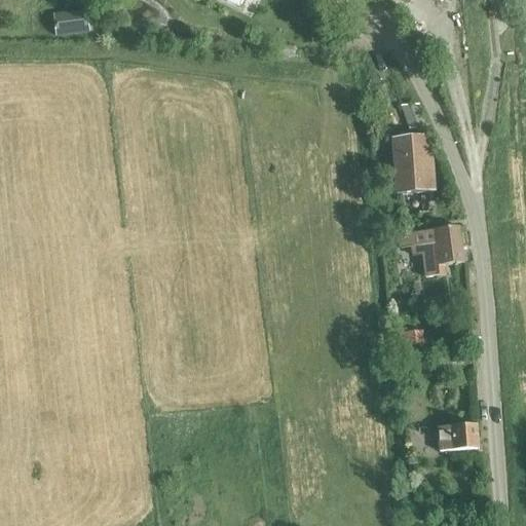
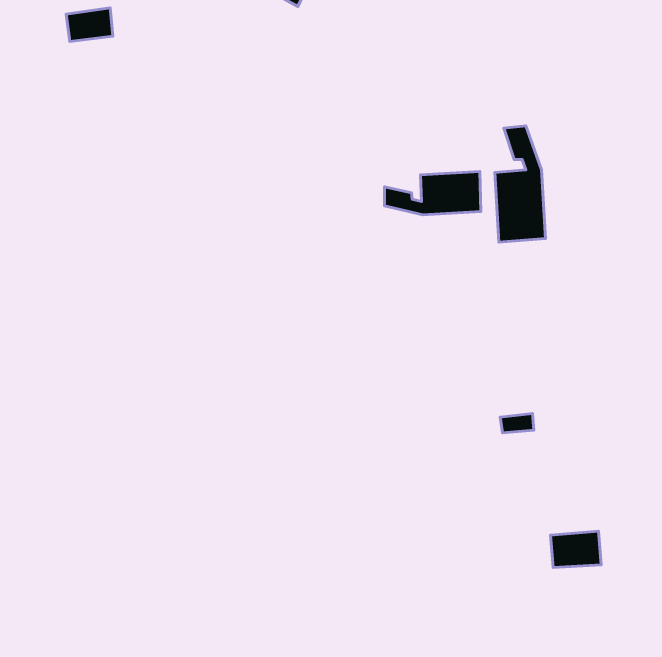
building: none -> [384,171,481,215]
building: [398,226,462,273] -> none

